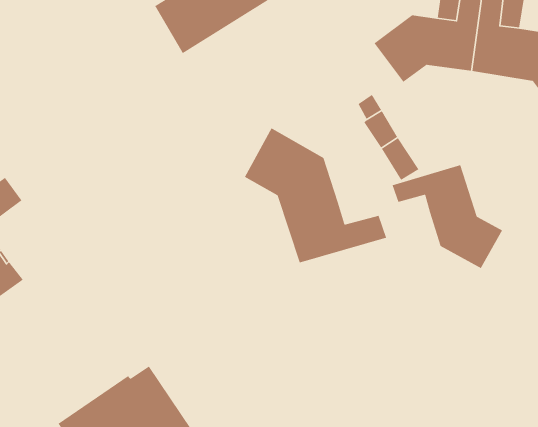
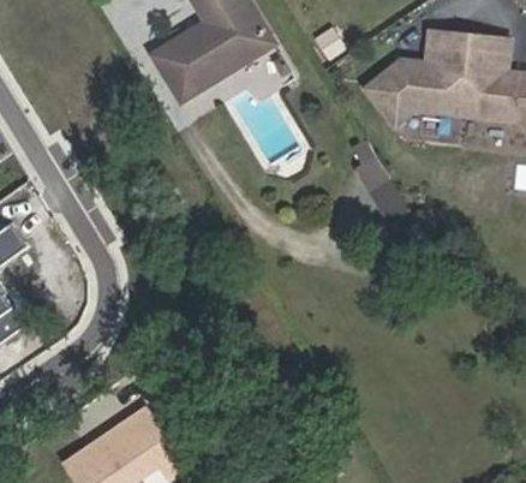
building: [244,127,387,263] -> none
building: [392,164,503,269] -> none

